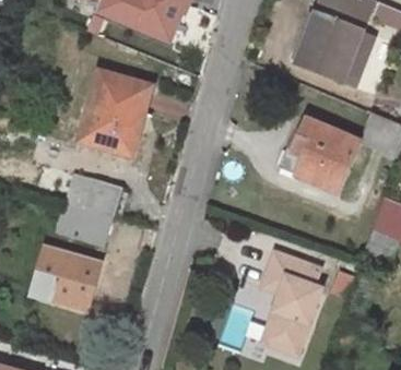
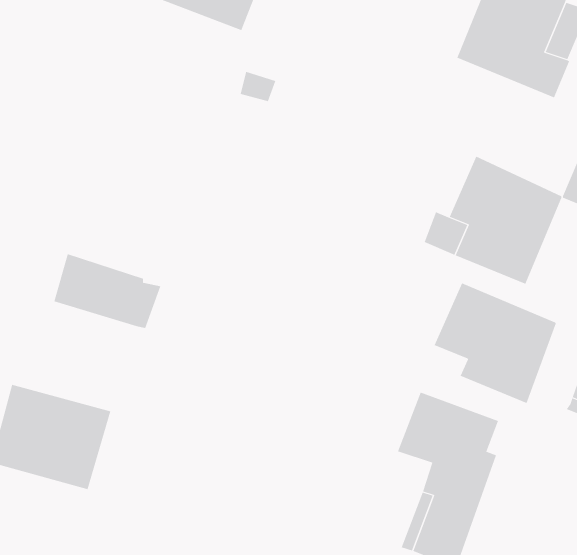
building: [79,72,150,154] -> none
building: none -> [434,282,557,404]
building: [59,201,115,247] -> none

